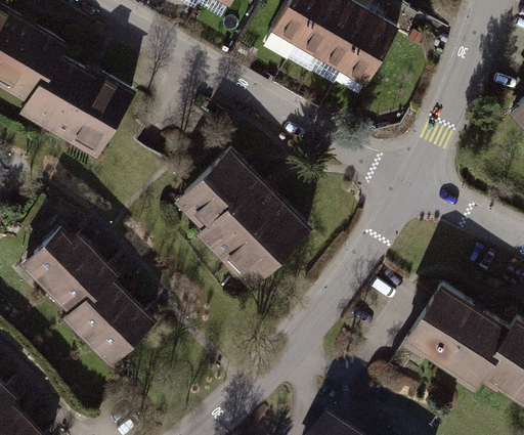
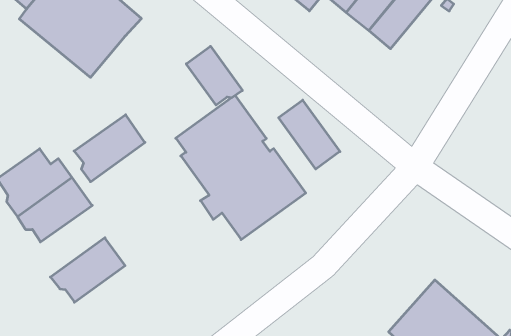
building: none -> [186,46,242,105]
building: none -> [279,100,340,169]
building: [68,276,131,343] -> [74,115,145,182]

